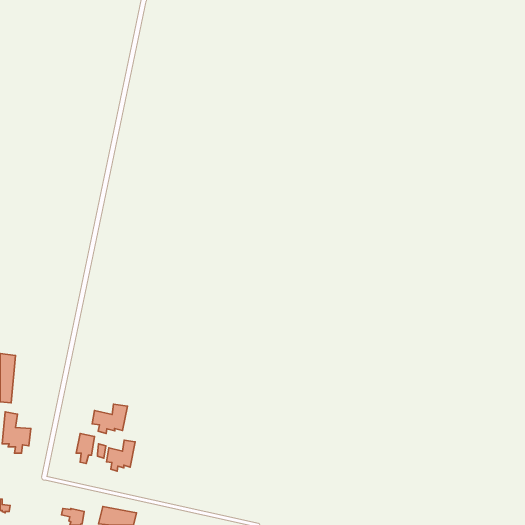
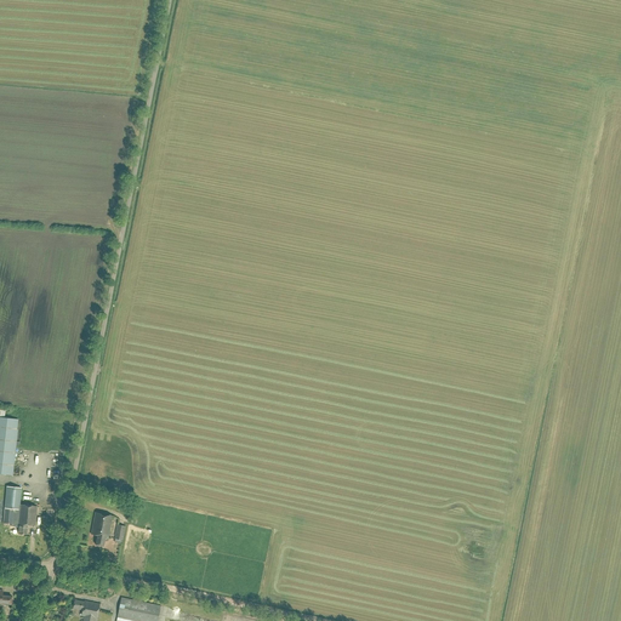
building: [92,404,128,434] -> none
building: [106,440,135,471] -> none

